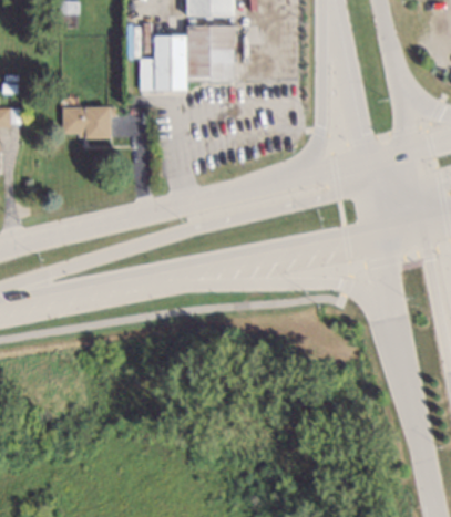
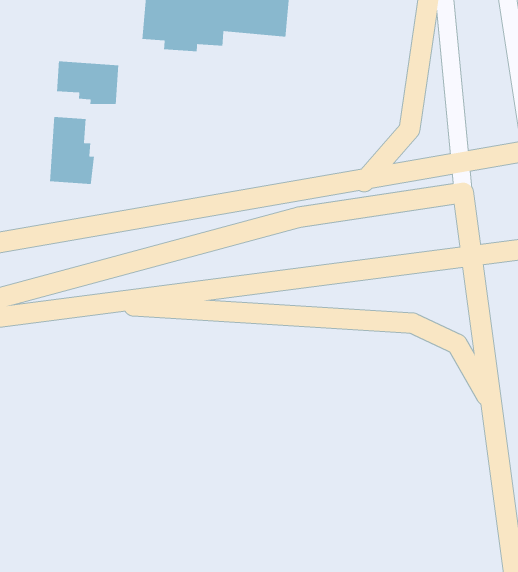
building: none -> [49,116,95,185]

